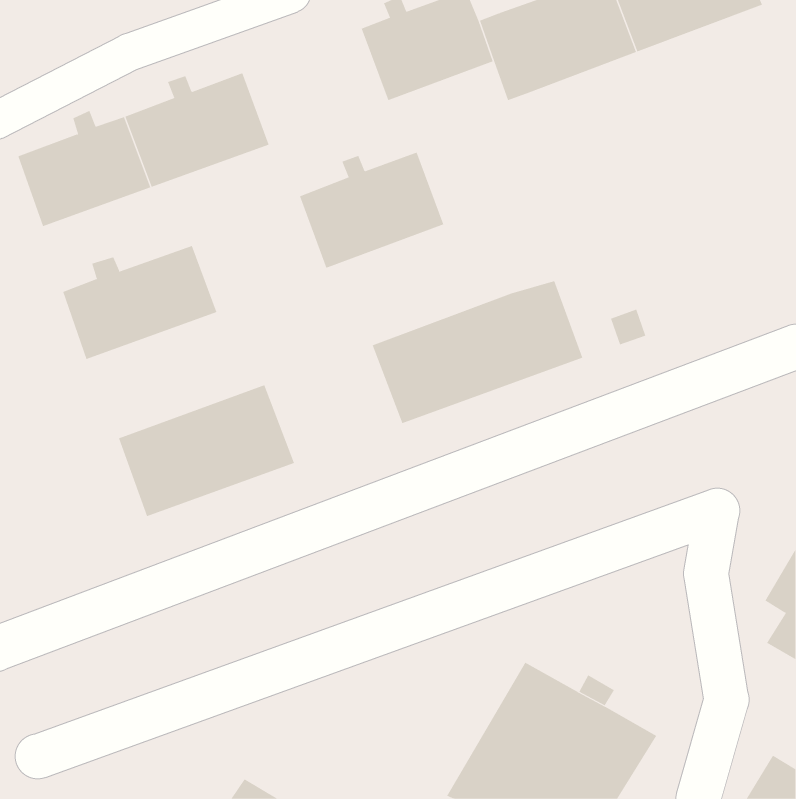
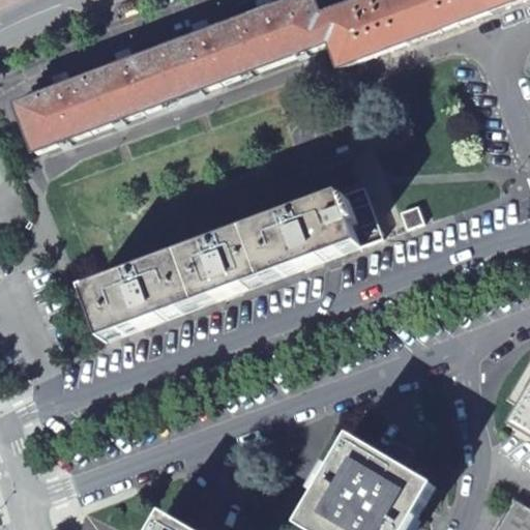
building: [299,152,444,269] -> [159,19,255,95]
building: [63,245,217,360] -> none
building: none -> [174,227,264,304]

